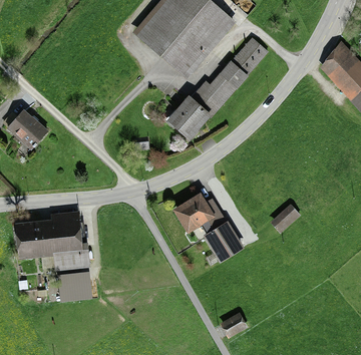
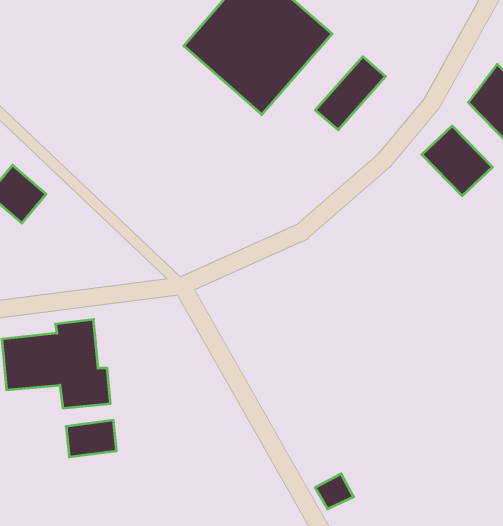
building: [166,83,225,139] -> none
building: none -> [422,126,492,196]
building: [173,194,242,259] -> none
building: [272,205,300,232] -> none

